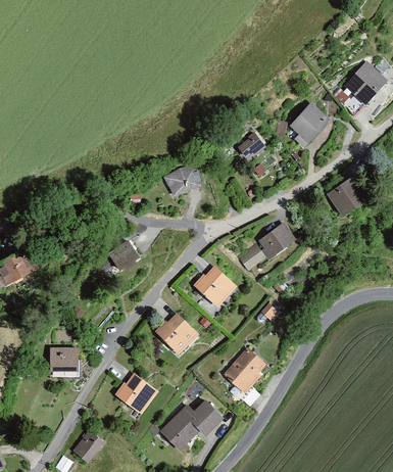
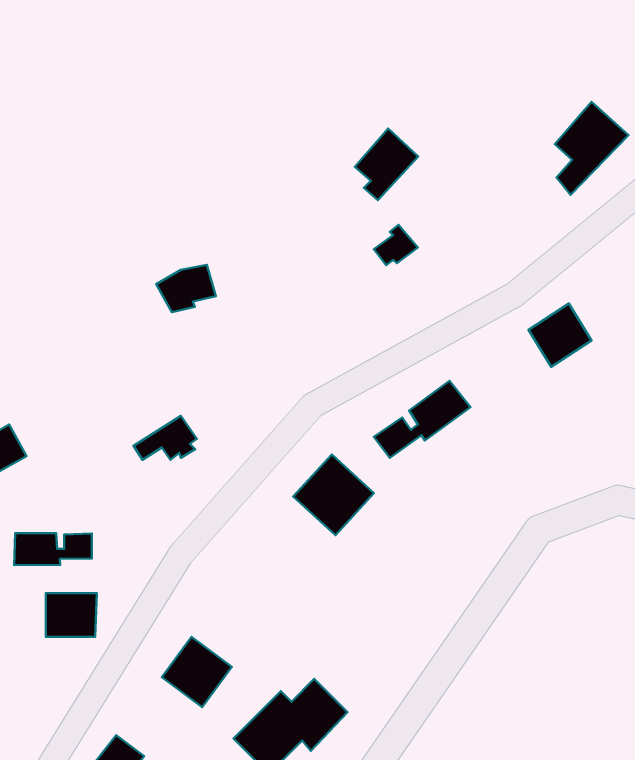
building: [290,103,327,145] -> [355,128,418,200]
building: [165,166,200,193] -> [156,265,216,312]
building: [153,311,200,358] -> none
building: none -> [14,533,92,565]
building: [225,348,264,390] -> none

